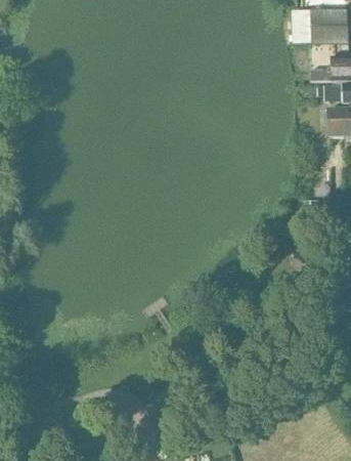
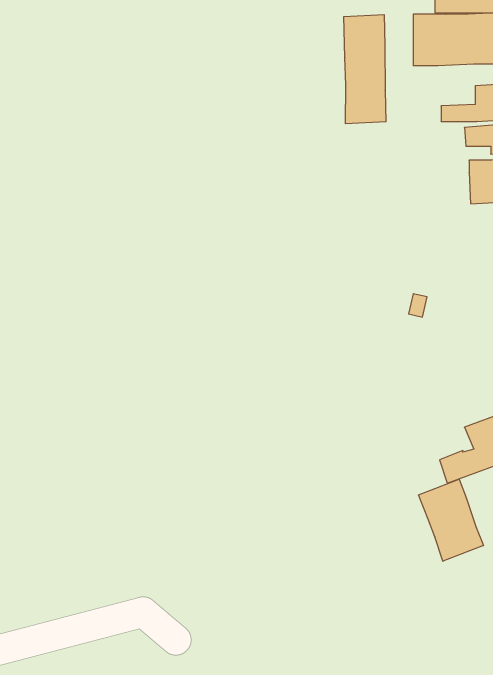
building: none -> [344,15,386,124]
building: none -> [419,479,483,561]

